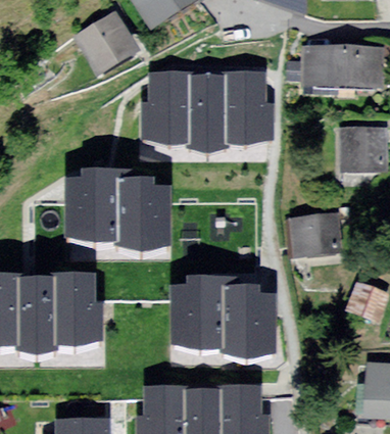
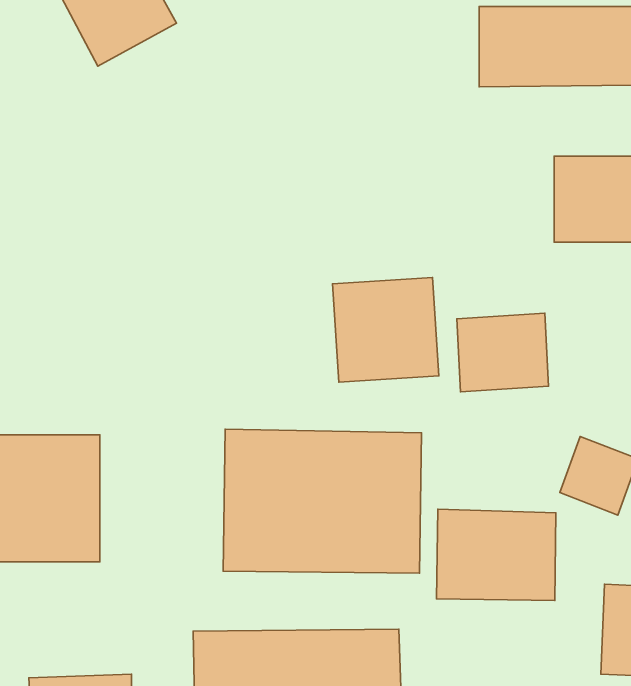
building: [135,78,265,141] -> none
building: [59,176,169,250] -> none
building: none -> [332,277,439,382]
building: none -> [437,509,556,600]

